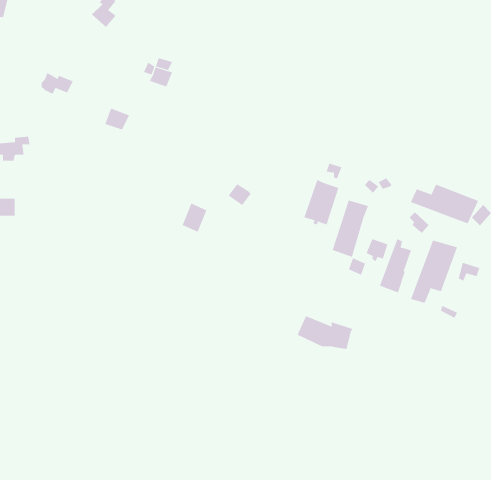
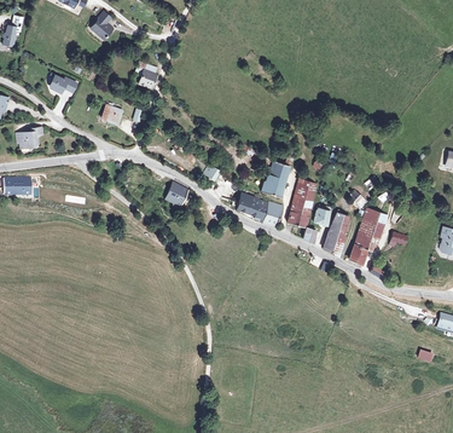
building: [410,184,479,224] -> none
building: [297,316,353,350] -> [238,194,284,221]

